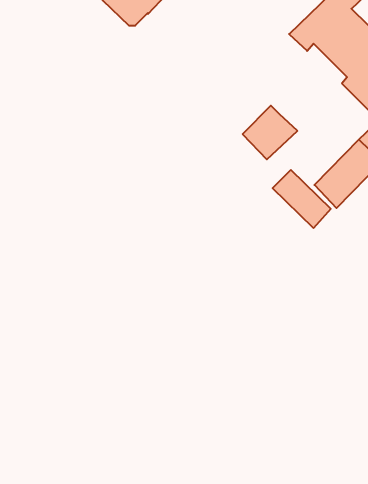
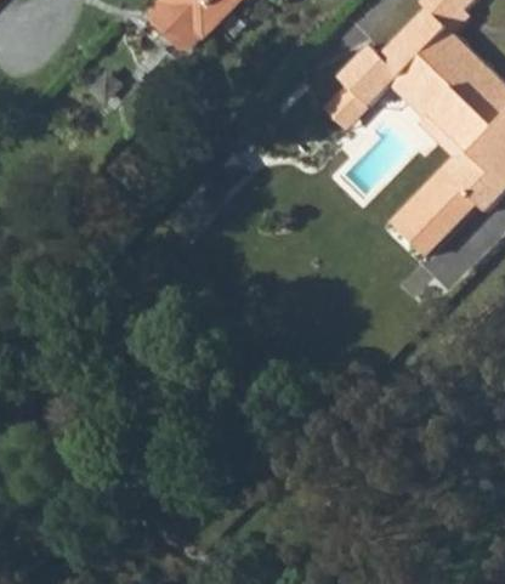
building: [243,106,297,159] -> [325,47,388,109]
building: [273,170,331,228] -> none

